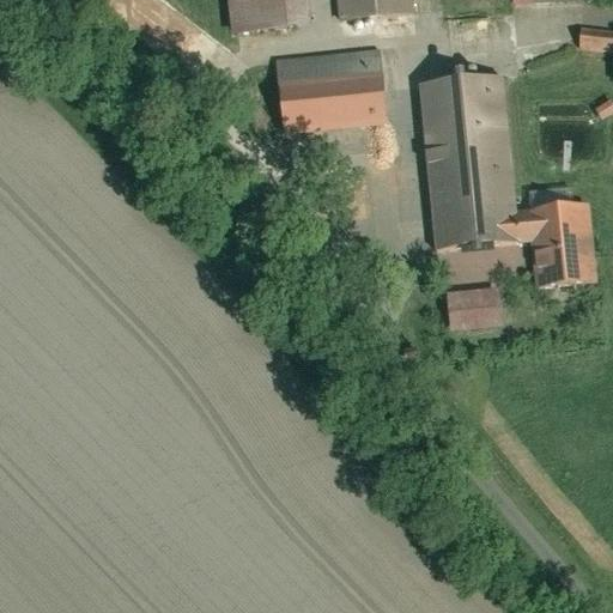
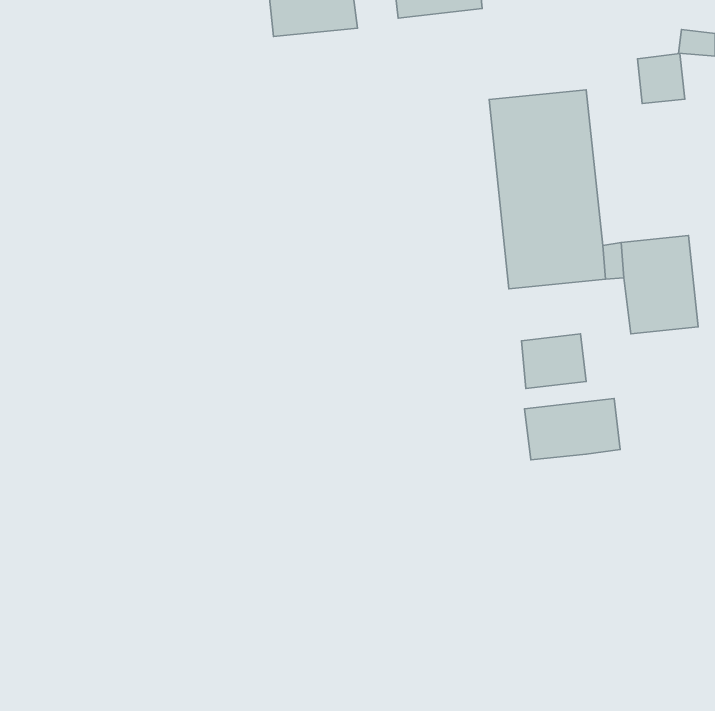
building: none -> [637,53,685,104]
building: [277,48,387,133] -> none
building: none -> [525,398,620,460]

